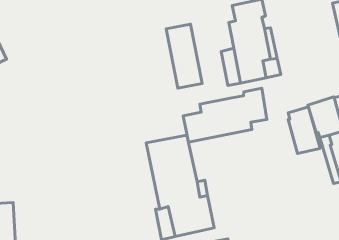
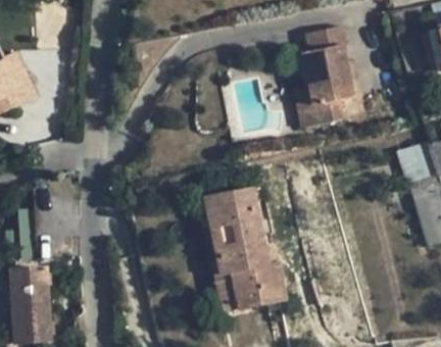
building: [166,24,202,88] -> none
building: [183,88,267,142] -> none
building: [288,107,320,154] -> none

